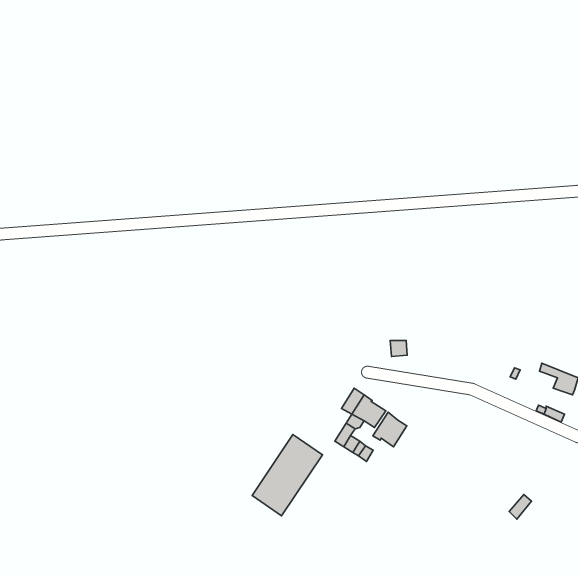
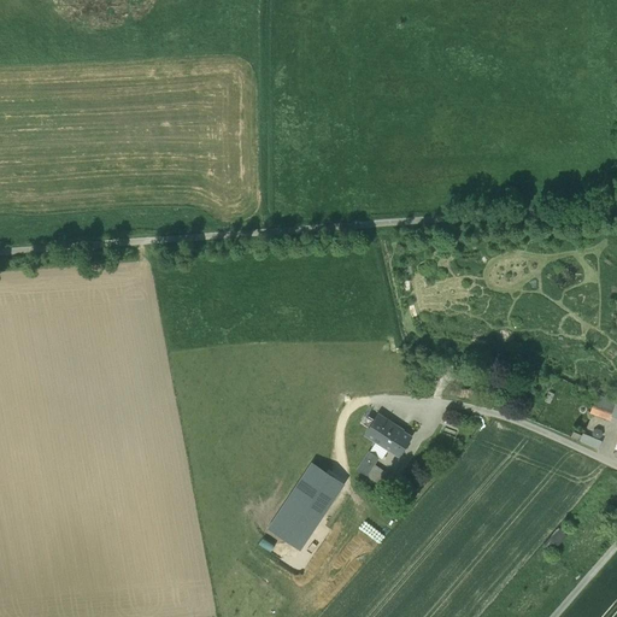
building: [373,412,407,447] -> none

